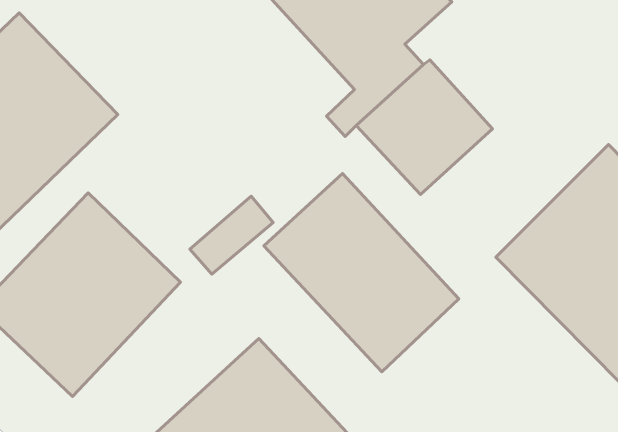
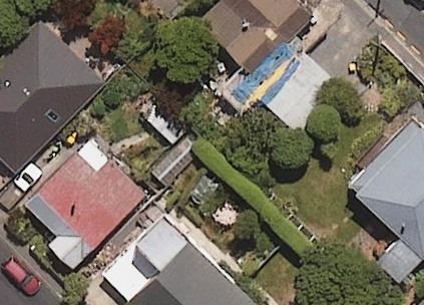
building: [264,173,459,372] -> none

